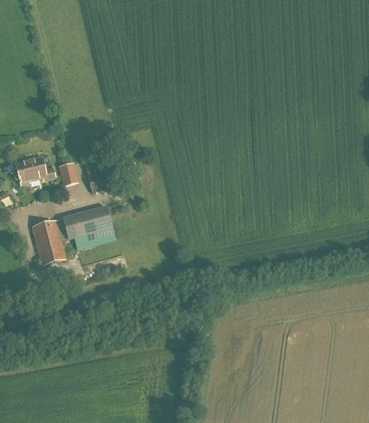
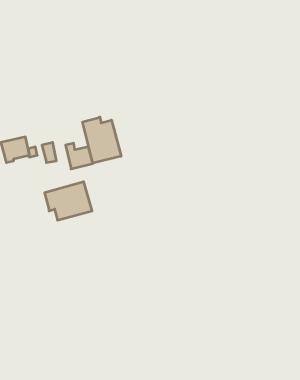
building: none -> [83,117,121,163]
building: [32,217,68,264] -> none

